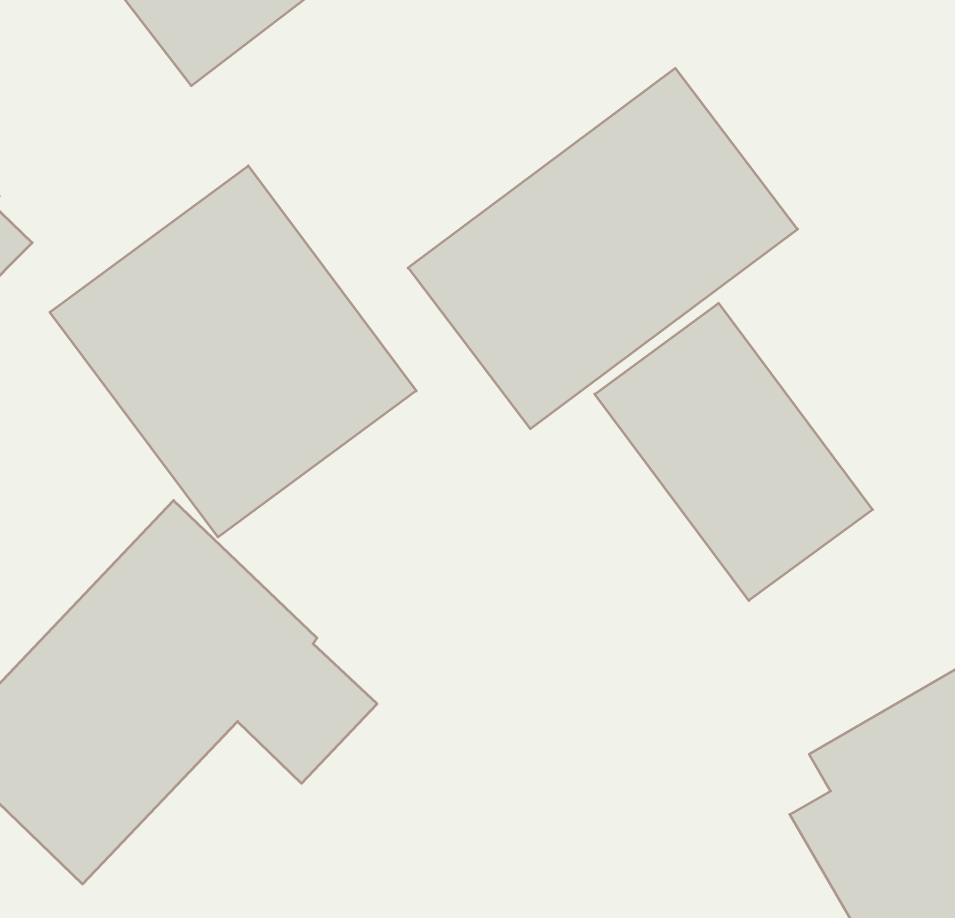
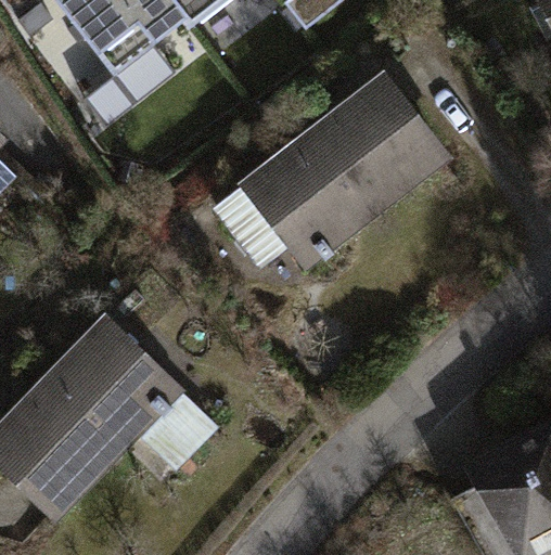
building: [50,166,416,537] -> none
building: [595,303,873,601] -> none

